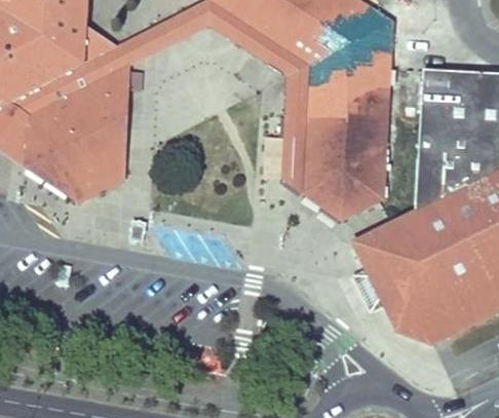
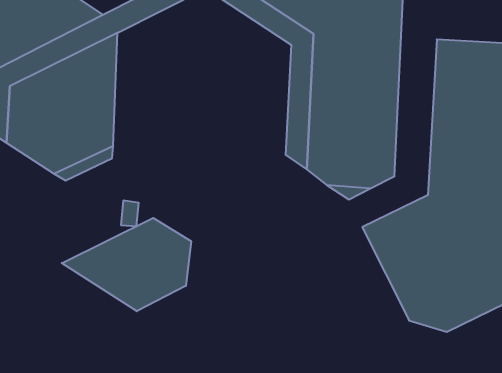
building: none -> [62,218,191,311]

